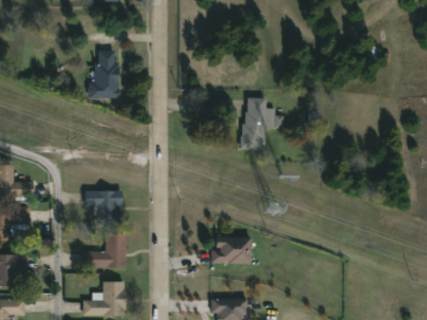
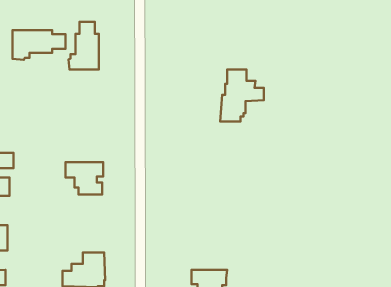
building: none -> [13,30,66,60]
building: [84,234,127,270] -> none
building: [211,236,251,263] -> none

